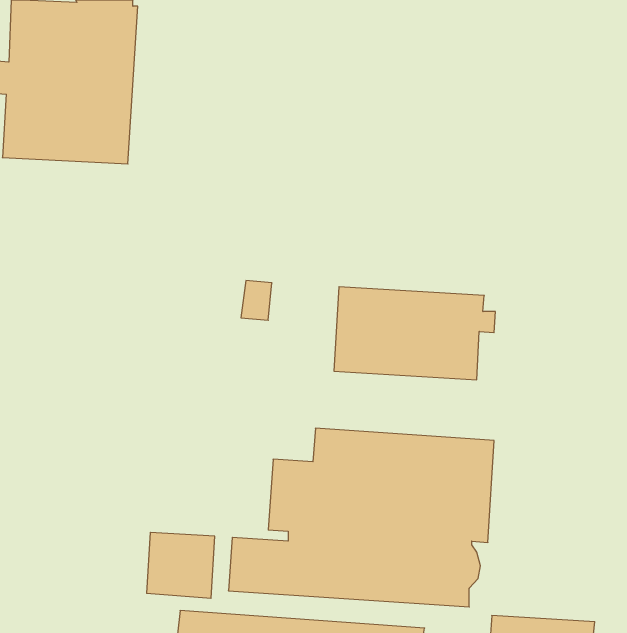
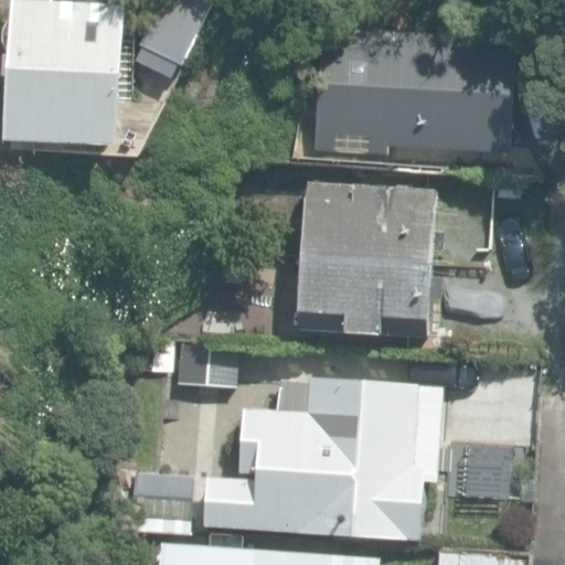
building: none -> [313,30,514,157]
building: none -> [301,183,443,264]

